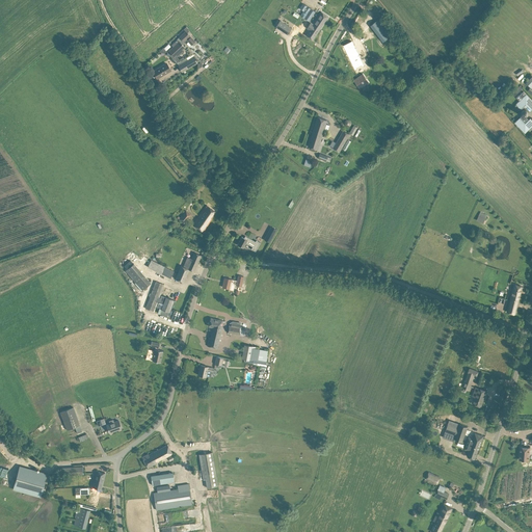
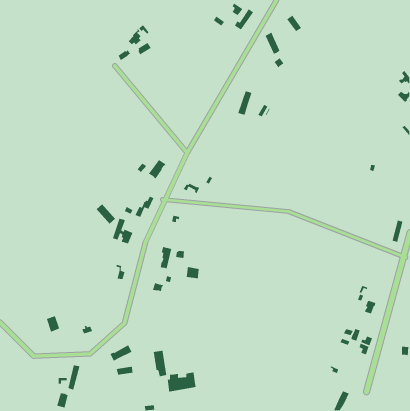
building: [11,467,46,497] -> none
building: [153,483,191,510] -> [167,372,197,392]

